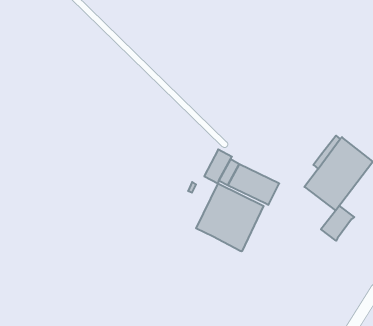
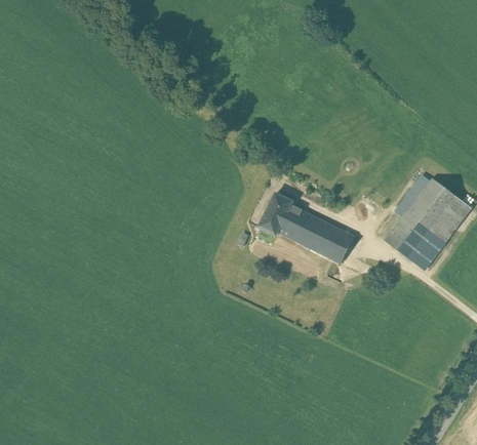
building: [196,184,264,251] -> none
building: [321,206,354,241] -> none

